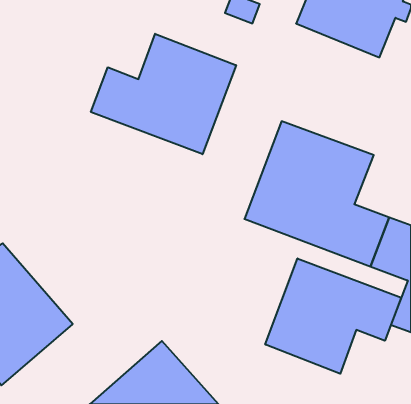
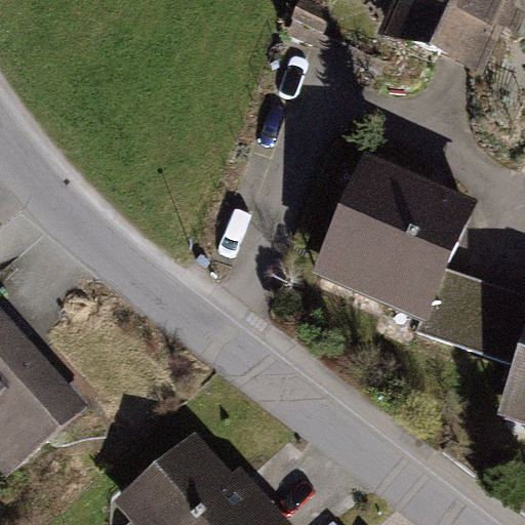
building: [91,34,236,154] -> none
building: [265,258,401,374] -> none

